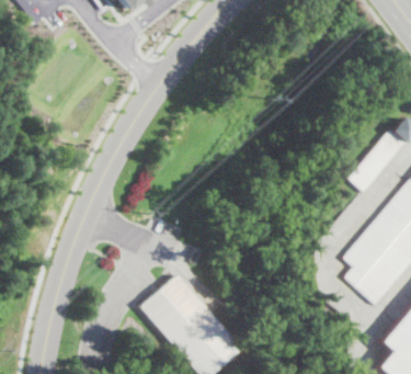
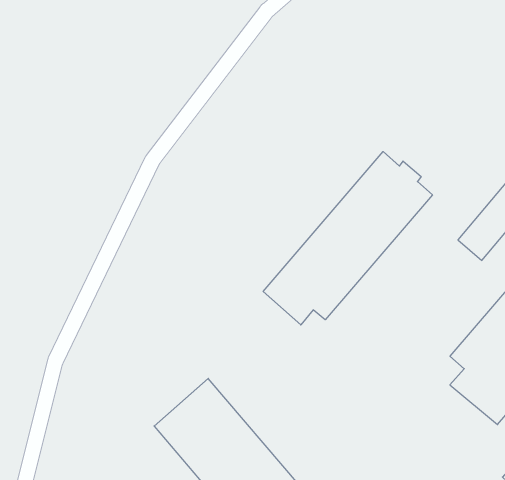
building: none -> [263,152,432,325]

